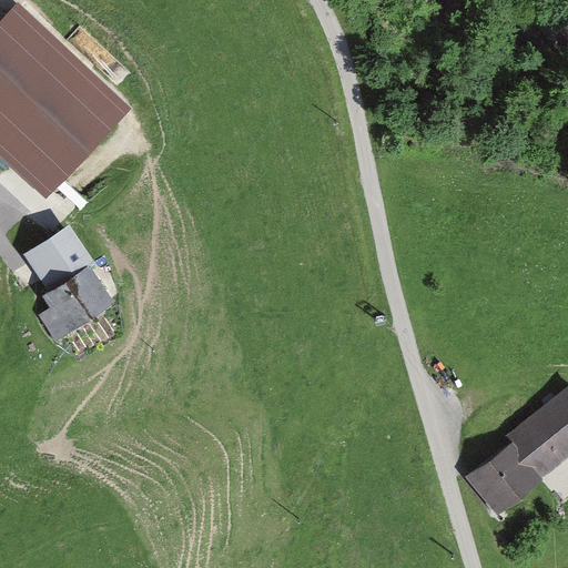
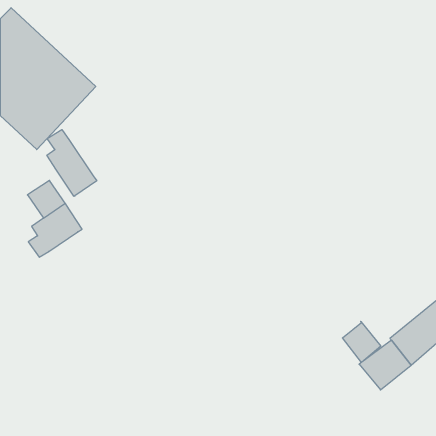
building: none -> [47,130,97,196]
building: none -> [342,321,381,362]

